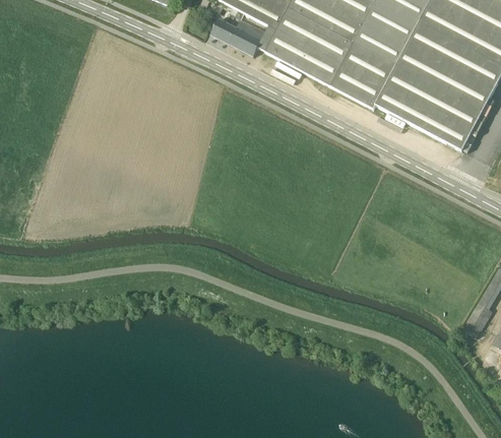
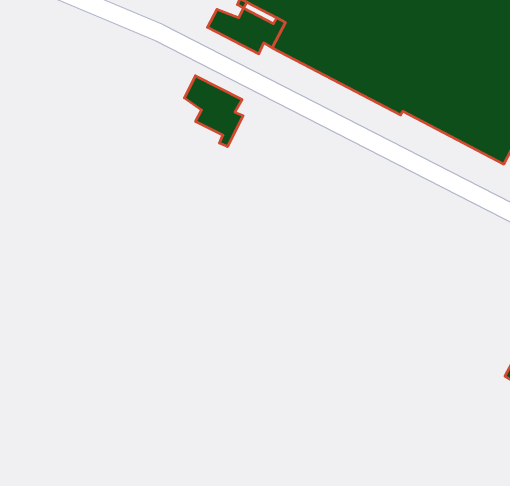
building: none -> [184,76,243,147]

